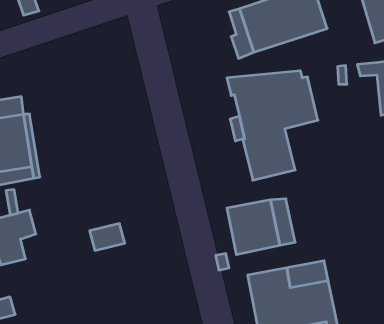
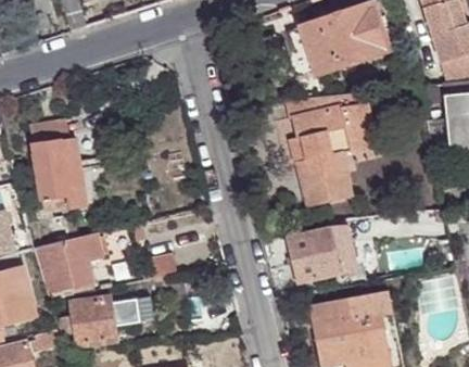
building: none -> [67,233,104,289]
building: none -> [68,298,128,346]

